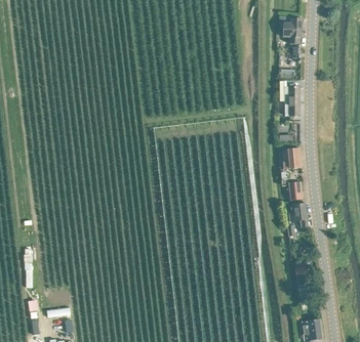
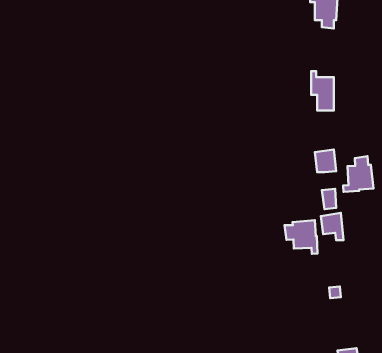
building: none -> [343,156,373,192]
building: none -> [285,220,318,254]

